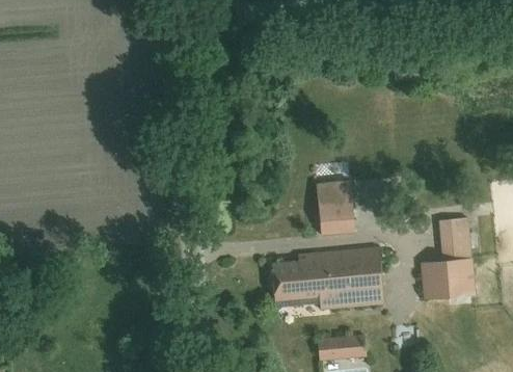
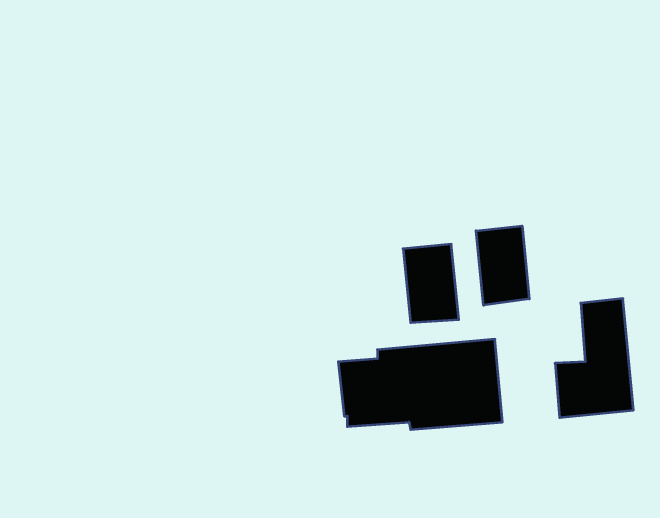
building: none -> [476,226,529,305]
building: [316,335,366,360] -> none

